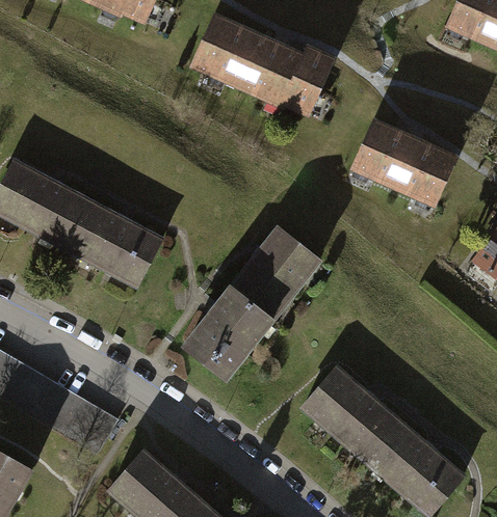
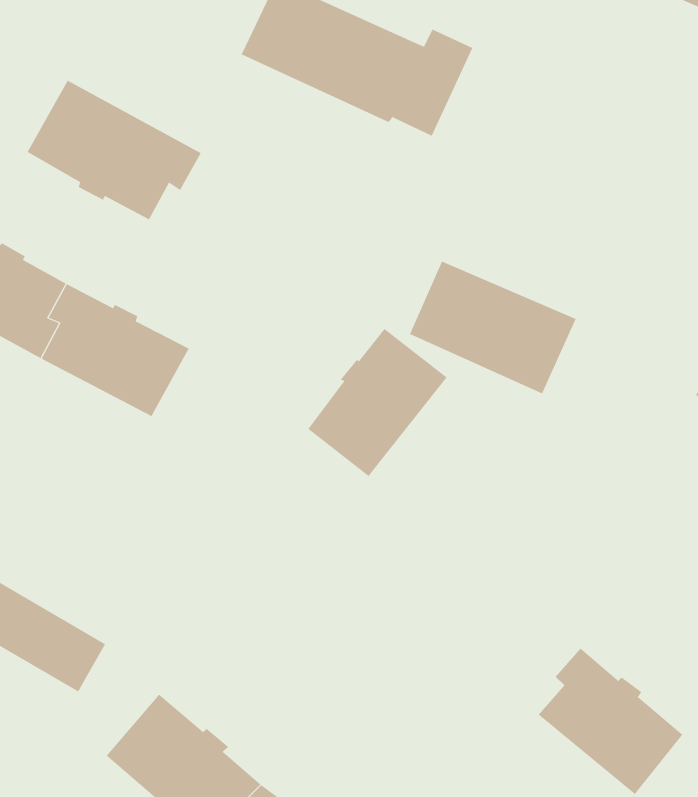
building: none -> [27,80,202,220]
building: [354,121,455,202] -> [409,261,577,394]
building: [186,290,270,378] -> none
building: [305,368,399,463] -> none

